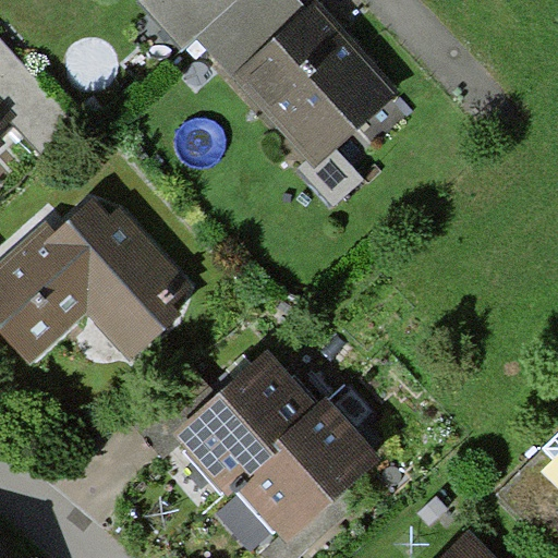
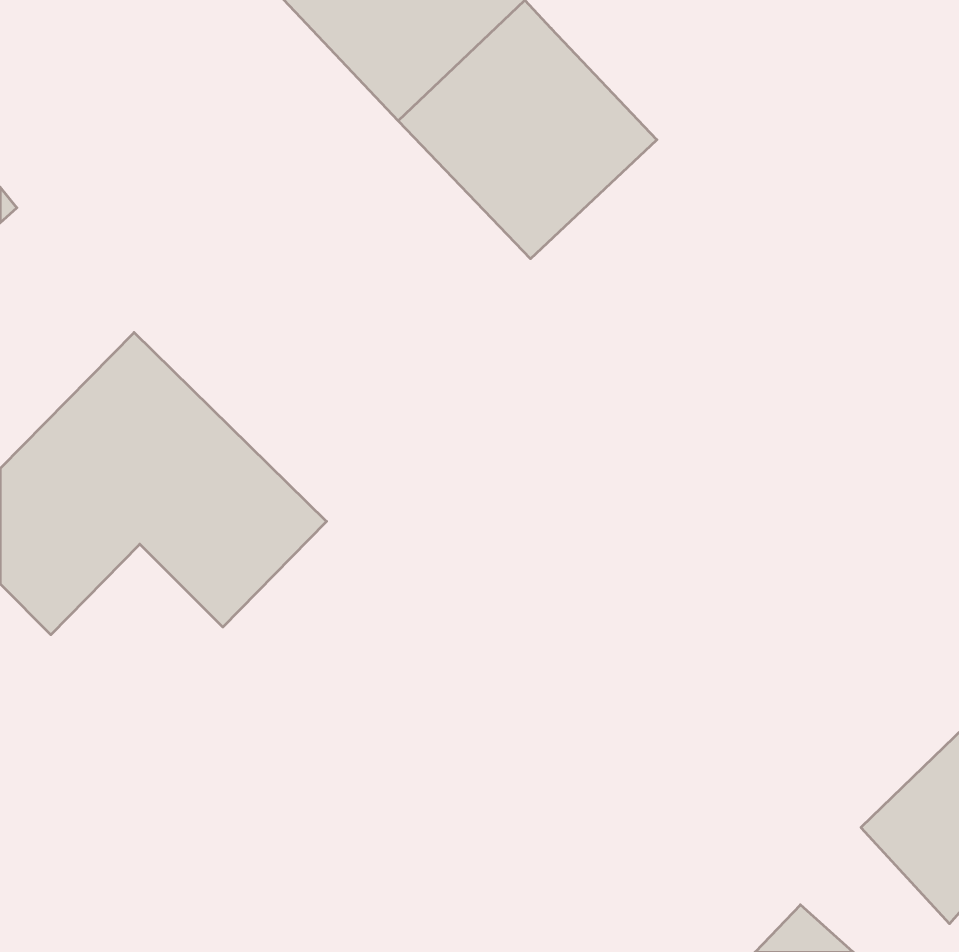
building: [174,354,373,542] -> none

